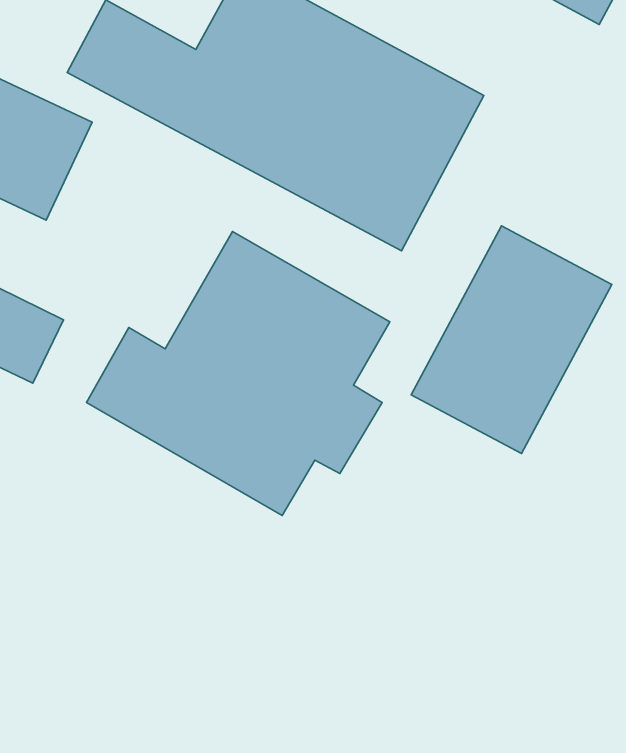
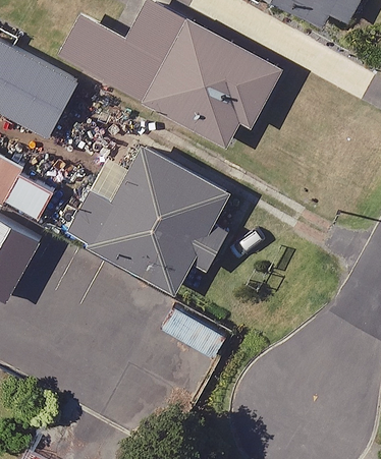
building: [411,226,612,453] -> none

